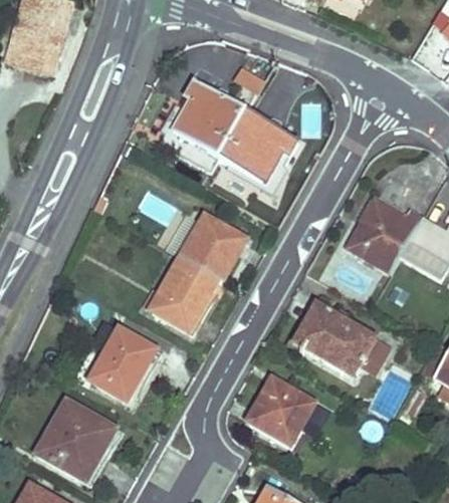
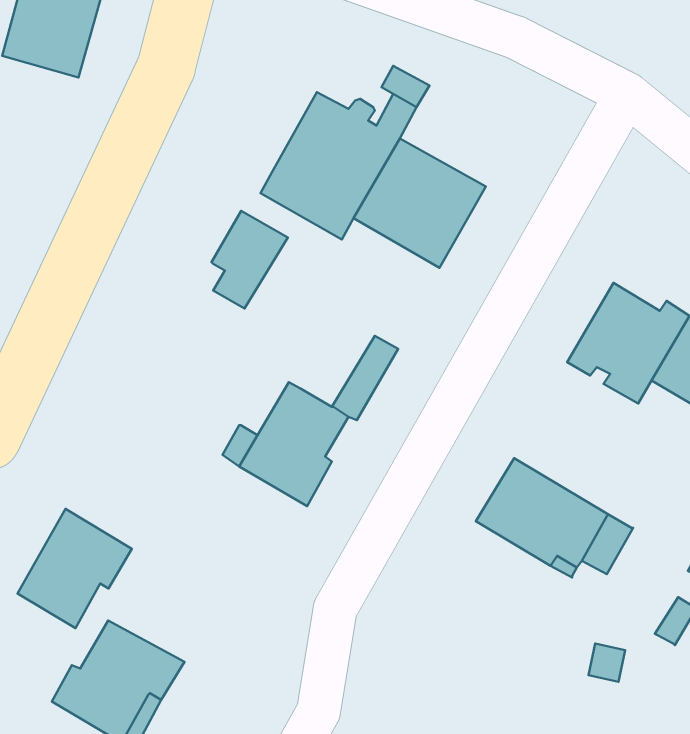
building: [186,213,232,272] -> [212,211,288,309]
building: [90,326,160,399] -> [17,509,132,628]
building: [249,380,313,444] -> none

